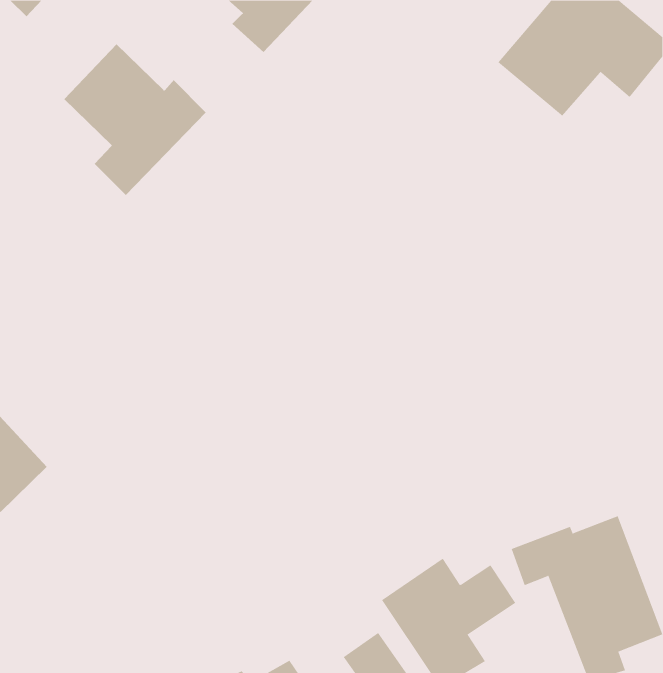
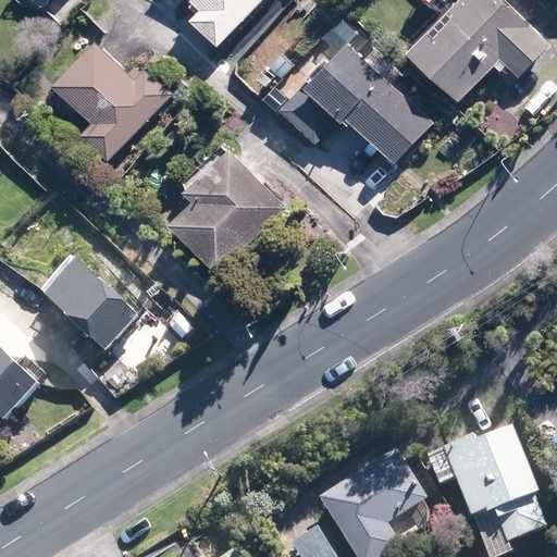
building: none -> [276,39,429,163]
building: none -> [172,144,286,271]
building: none -> [38,255,144,359]

